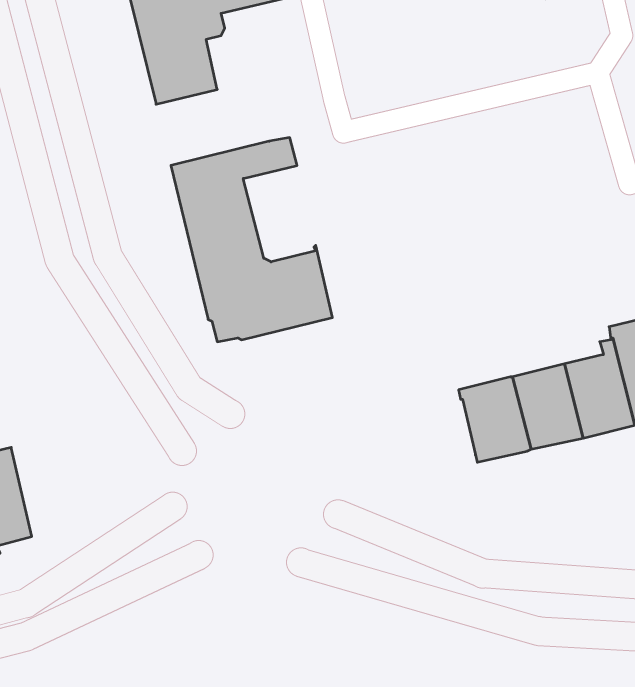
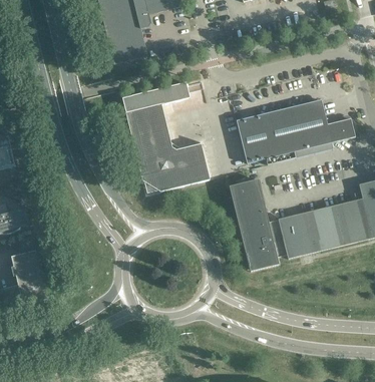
building: none -> [237,98,355,161]
building: none -> [230,177,287,270]

